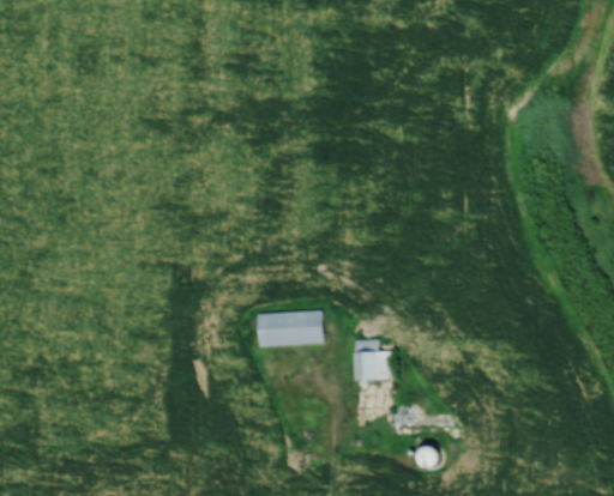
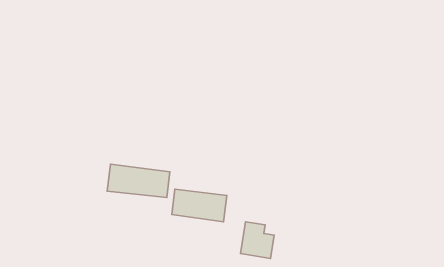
building: none -> [107,164,170,198]

